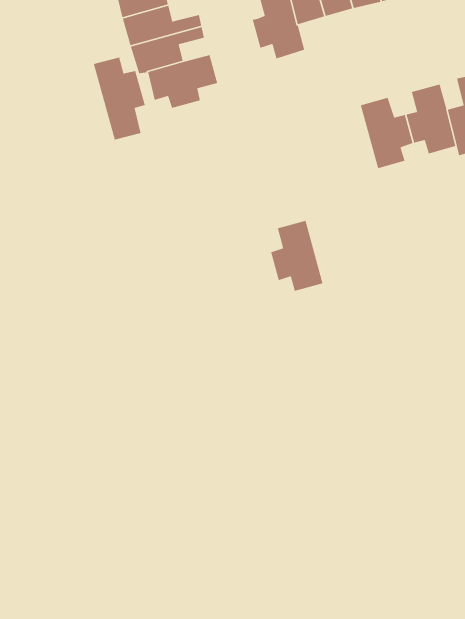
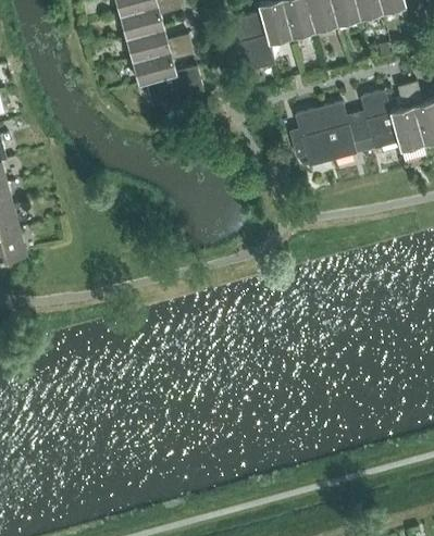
building: [93,56,146,140] -> none
building: [270,220,323,292] -> [289,108,333,166]

